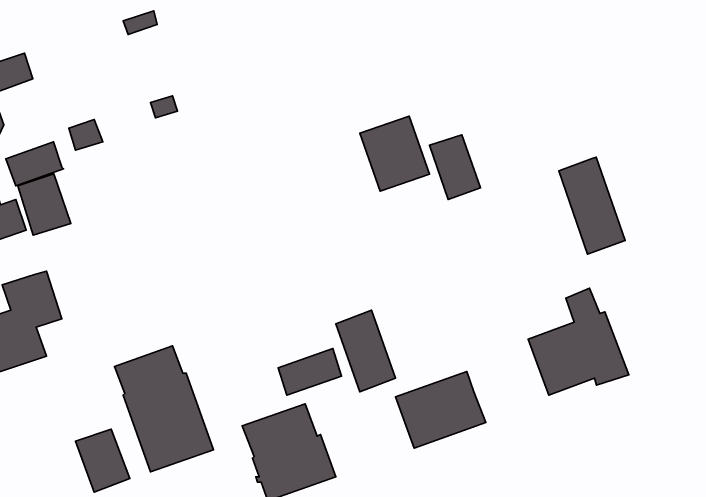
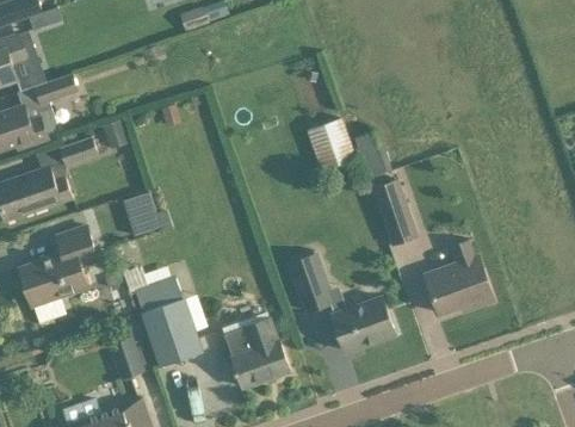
building: [559,157,625,254] -> [372,178,419,246]
building: [18,174,71,235] -> [123,192,160,235]
building: [278,349,341,395] -> none

